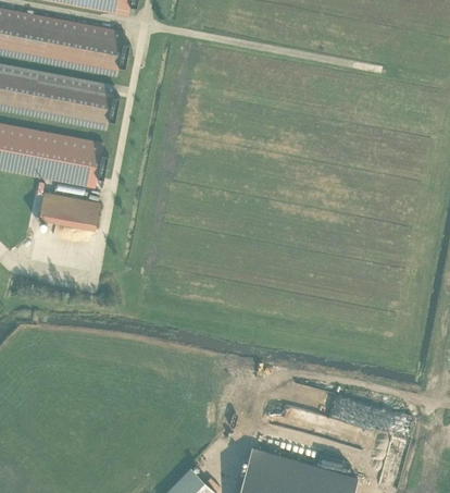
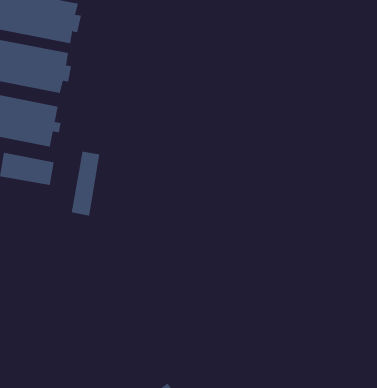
building: none -> [71,151,100,216]

